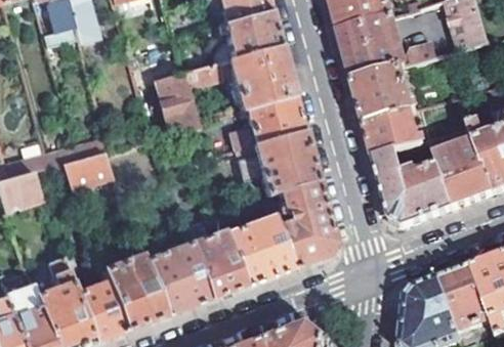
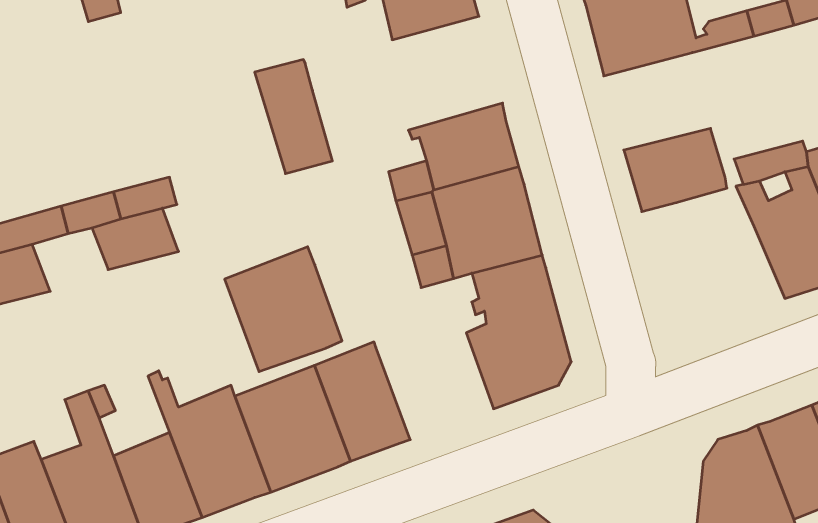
building: [182,45,294,110] -> none
building: [351,66,418,121] -> none
building: [373,150,454,225] -> none
building: [222,214,289,285] -> [225,247,342,372]

